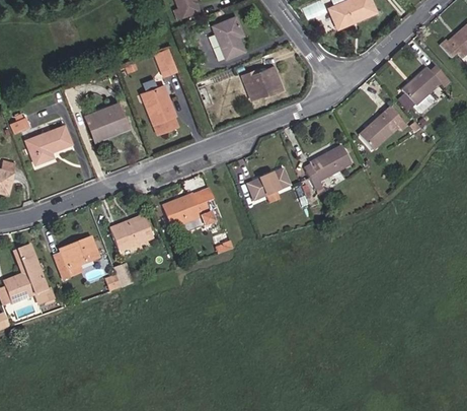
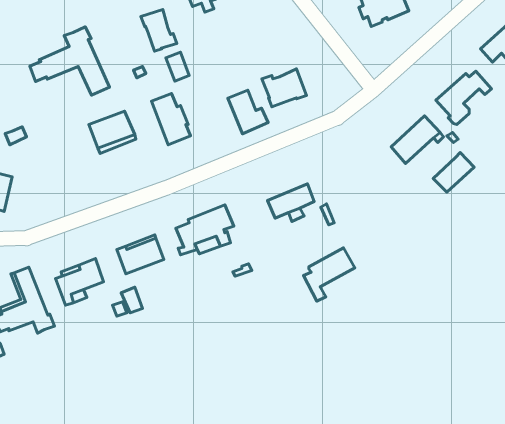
building: none -> [141,9,177,51]
building: [212,18,248,58] -> [228,90,268,134]
building: none -> [30,27,109,95]
building: [25,125,71,163] -> none
building: none -> [433,152,474,192]
building: [304,145,351,194] -> [303,248,355,301]

